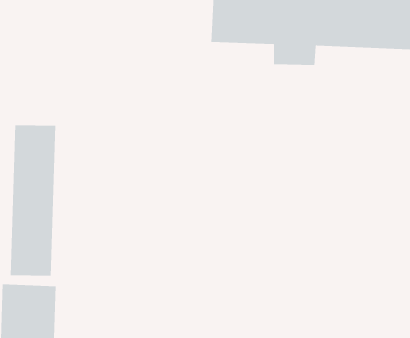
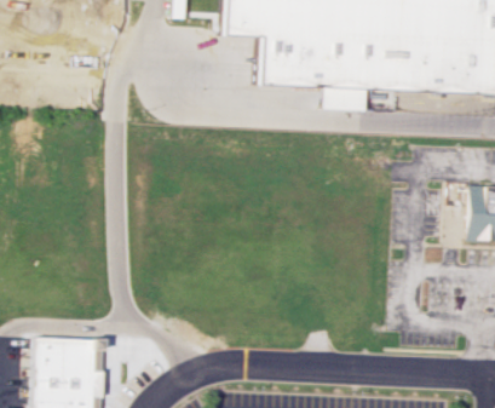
building: [10,124,56,276] -> none

